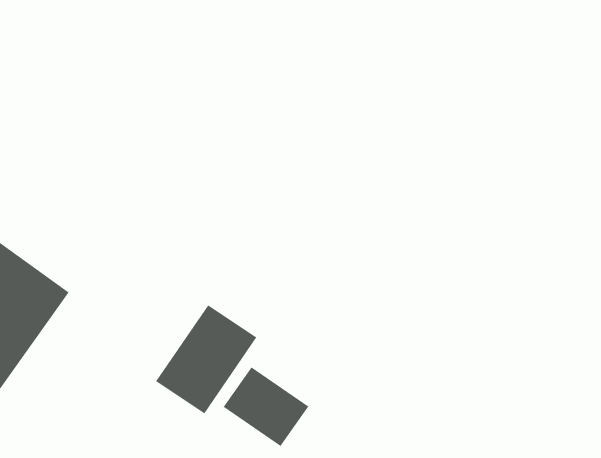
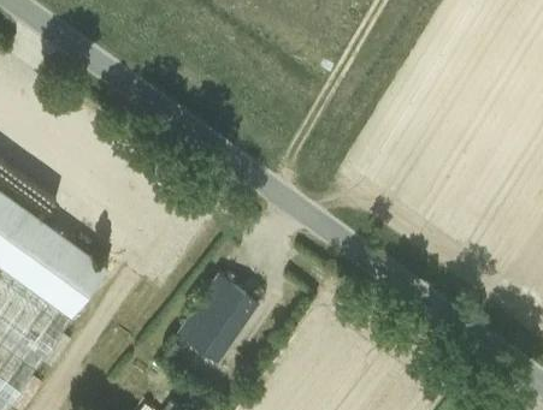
building: [223,367,309,447] -> none

